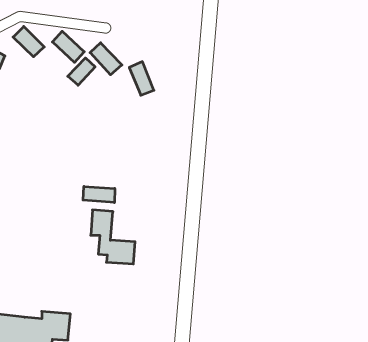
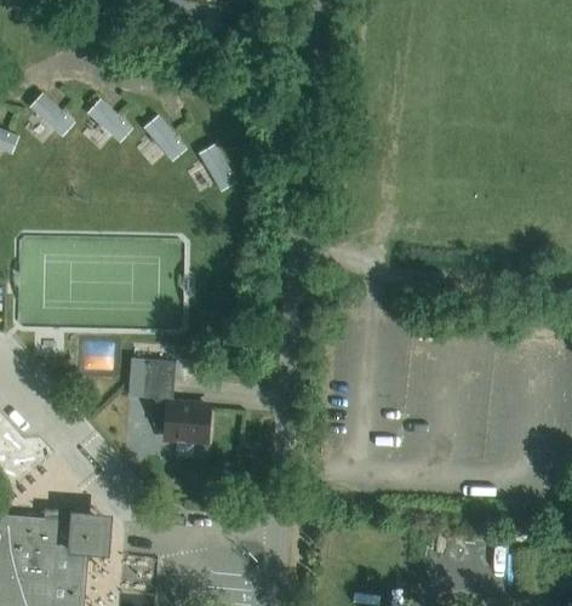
building: [68,58,95,85] -> none
building: [83,186,115,203] -> none

